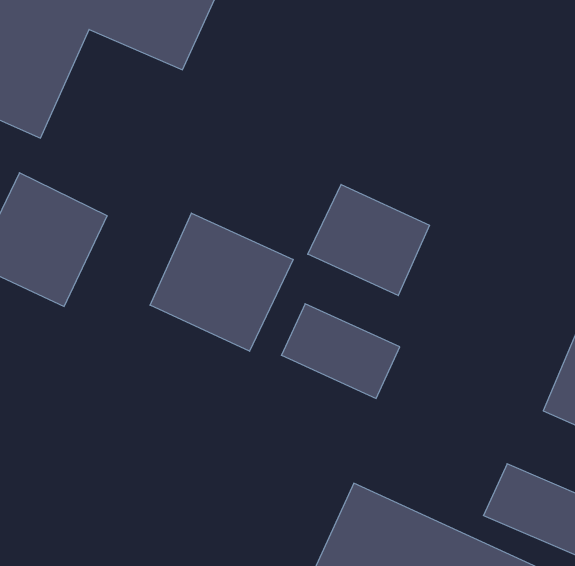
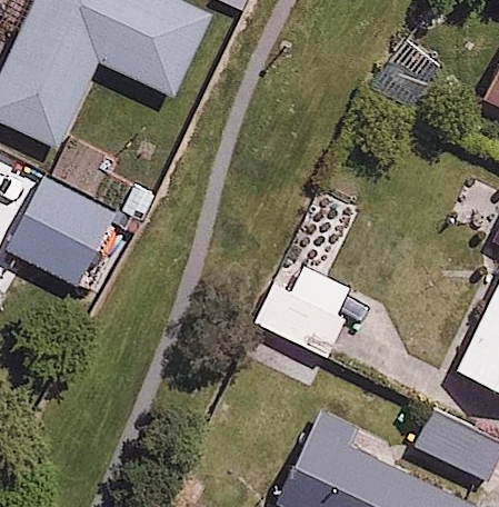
building: [308,184,430,296] -> none
building: [150,213,293,351] -> none

